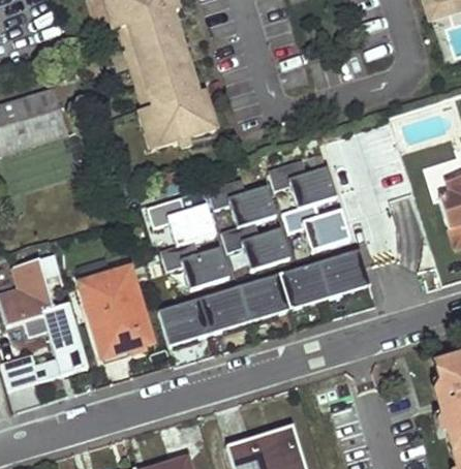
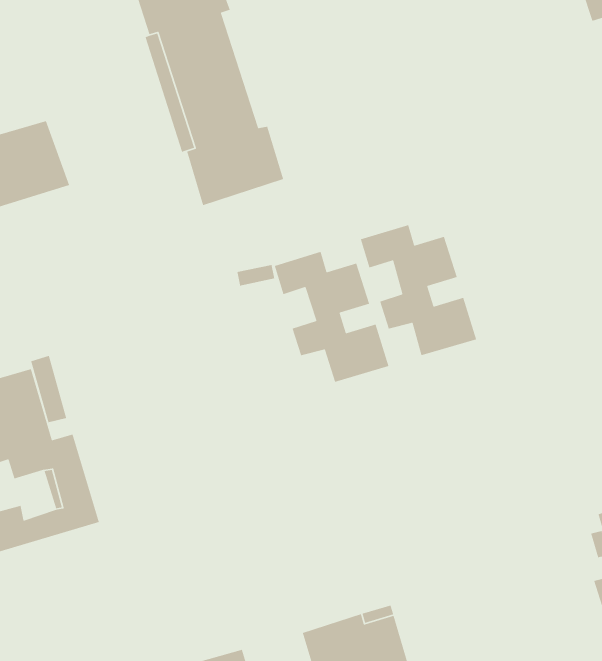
building: [147,196,227,288] -> none
building: [158,250,370,346] -> none
building: [81,269,151,356] -> none

